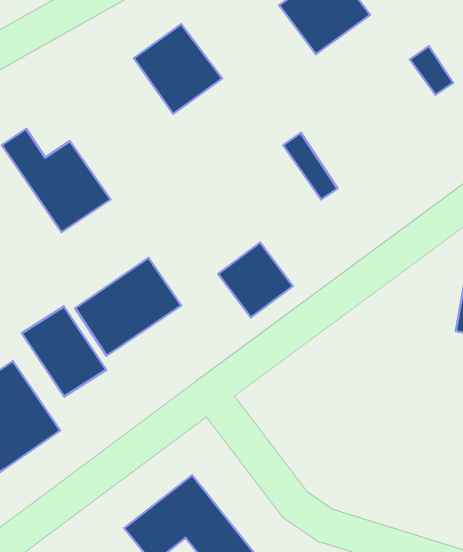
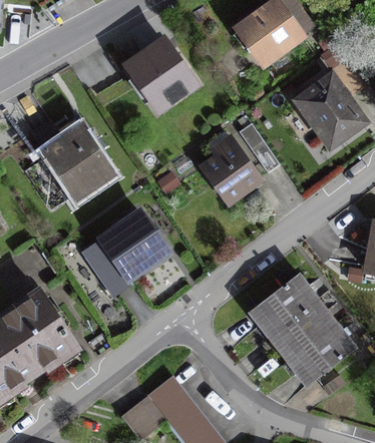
building: none -> [297,77,362,145]
building: [218,243,293,317] -> [204,146,259,201]
building: [22,306,106,397] -> none
building: none -> [254,274,355,382]

